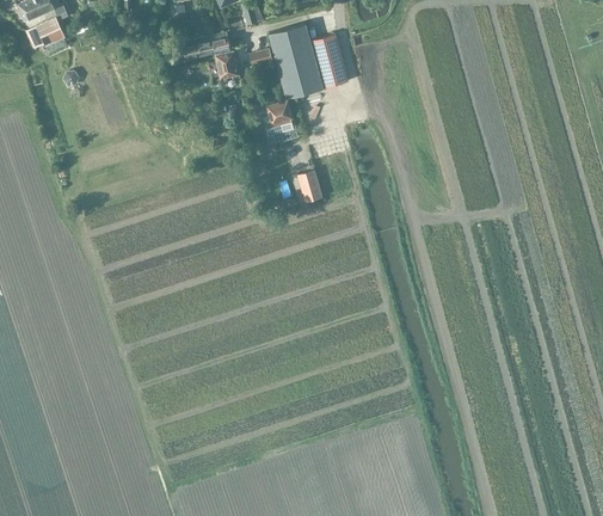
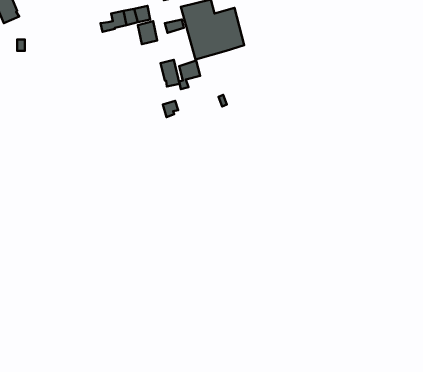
building: none -> [161,60,180,87]
building: [294,168,319,201] -> none

